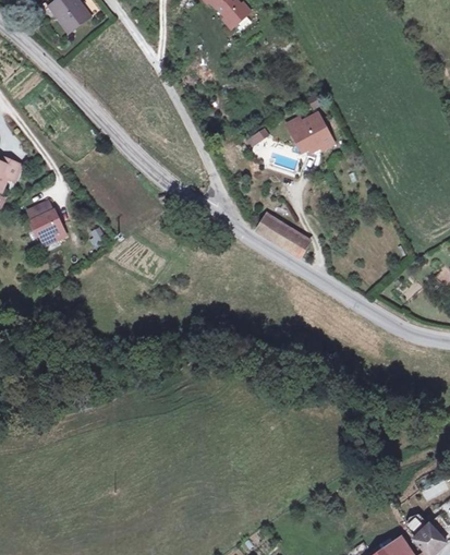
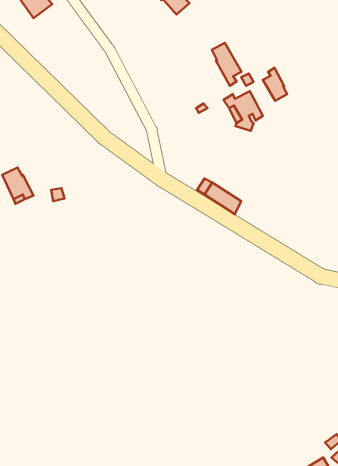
building: none -> [212,43,242,86]
building: none -> [263,68,287,101]

